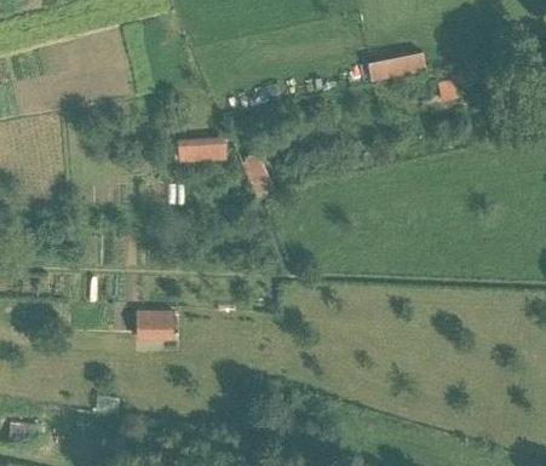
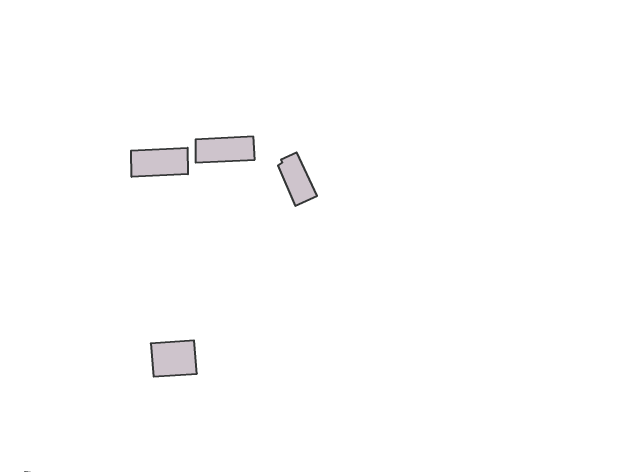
building: [364,52,423,77] -> none
building: none -> [131,148,188,177]

